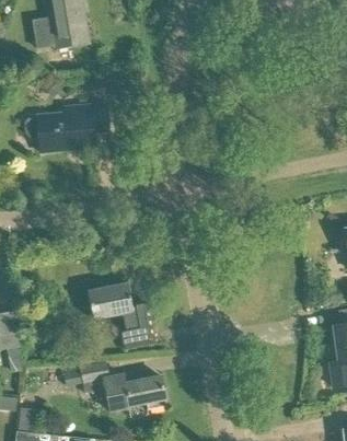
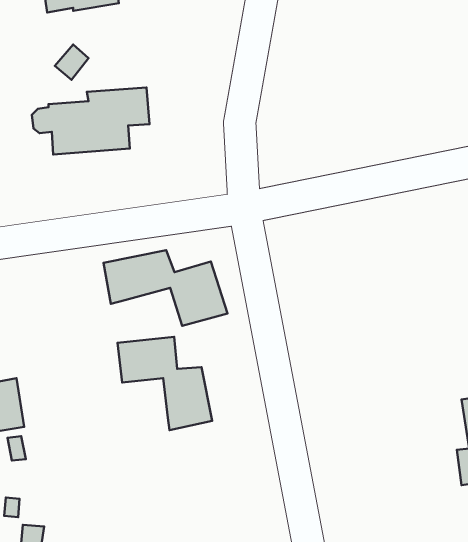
building: none -> [103,250,227,326]
building: [63,362,167,411] -> none

